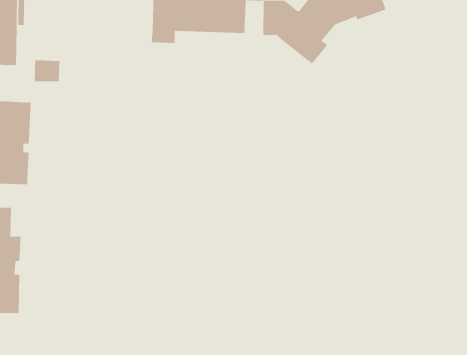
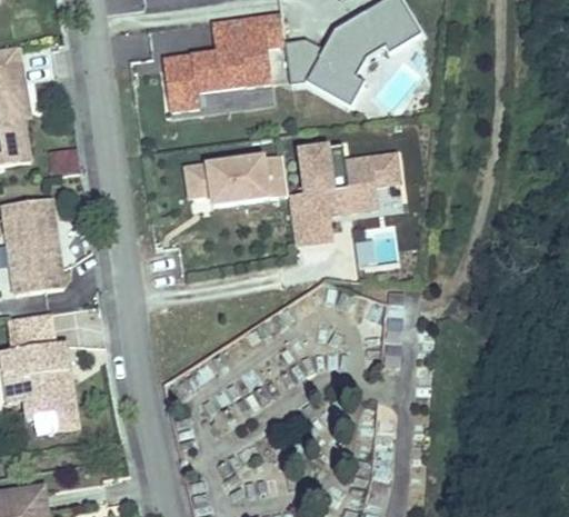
building: none -> [182,155,288,210]
building: none -> [292,147,402,245]

